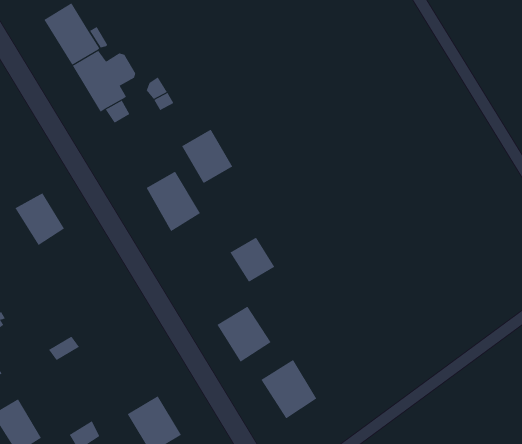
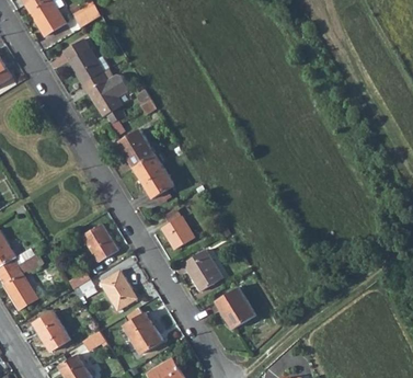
building: [181,129,233,184] -> [121,129,157,168]
building: [15,192,65,246] -> [81,225,116,262]
building: [230,237,275,282] -> [163,216,195,248]
building: none -> [100,271,135,310]

